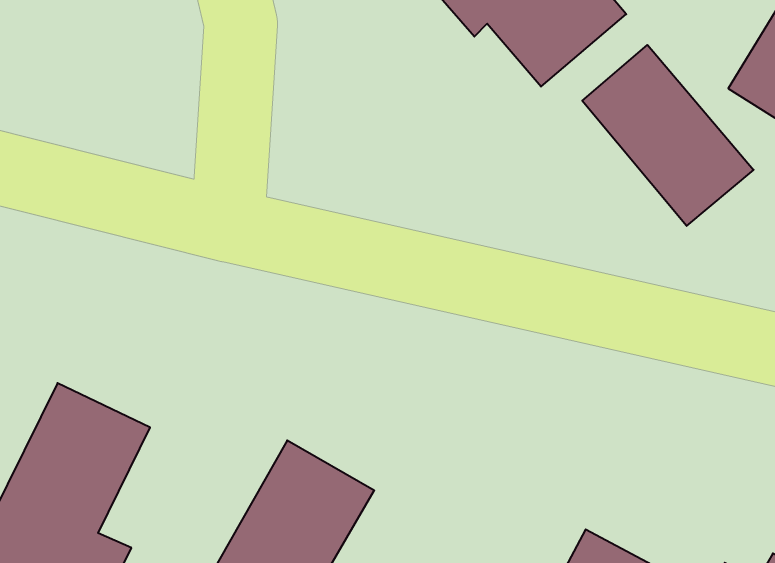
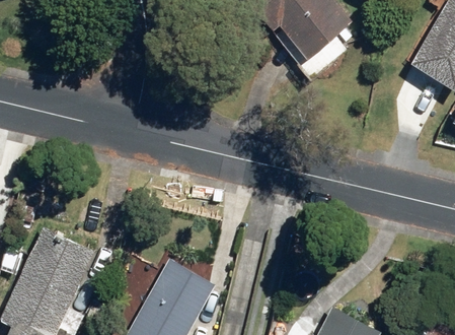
building: [582,45,754,226] -> none

